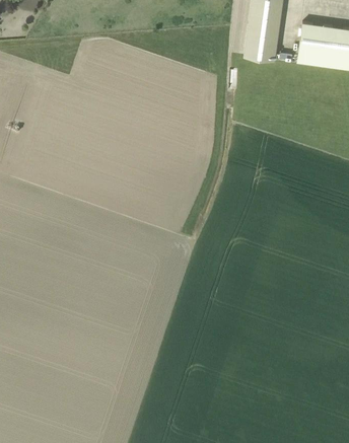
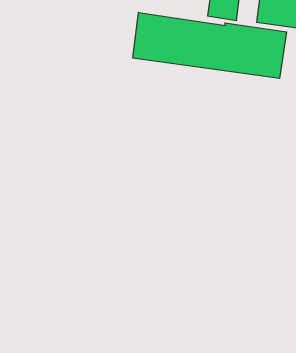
building: none -> [133,12,287,78]

